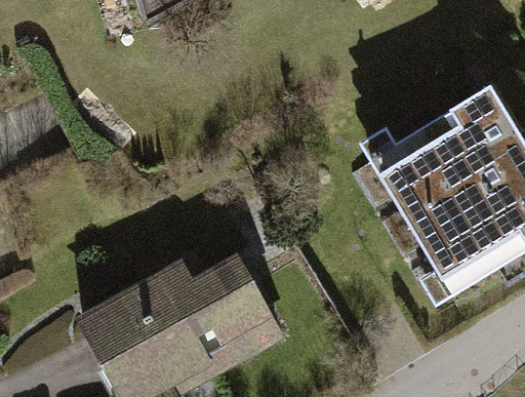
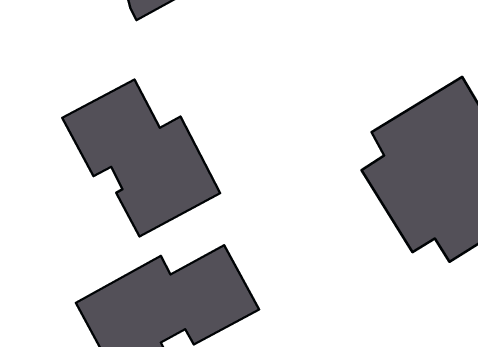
building: none -> [62,79,220,236]

